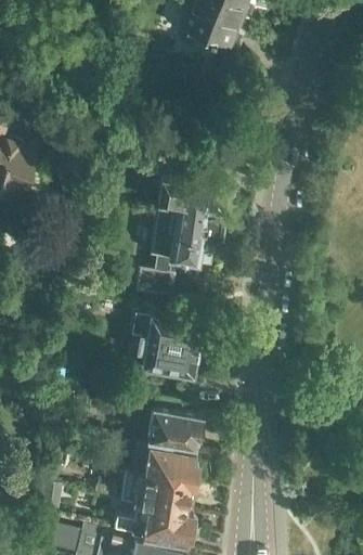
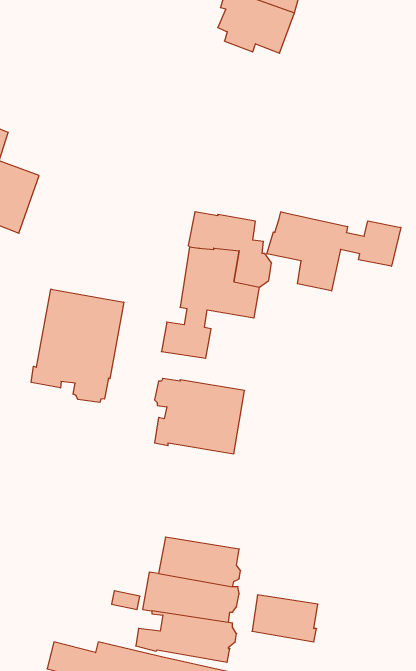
building: none -> [267,212,401,291]
building: none -> [31,289,124,402]
building: [146,409,199,447] -> [252,595,318,642]

